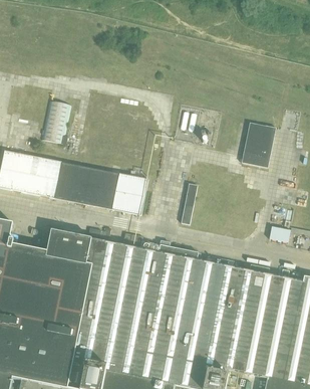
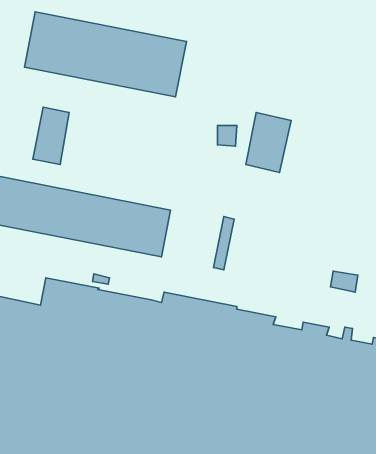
building: none -> [24,12,186,97]
building: [241,122,276,168] -> [246,113,291,172]

